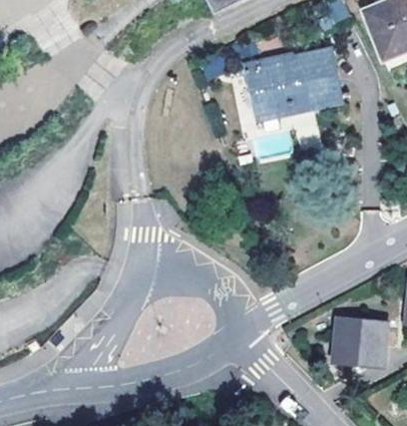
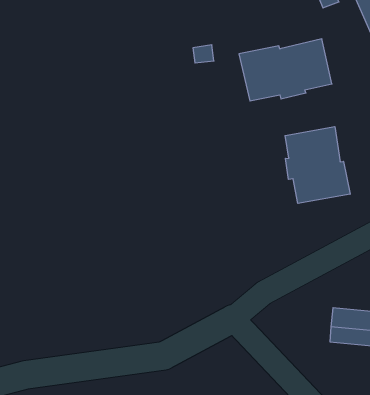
building: none -> [285,127,350,203]

